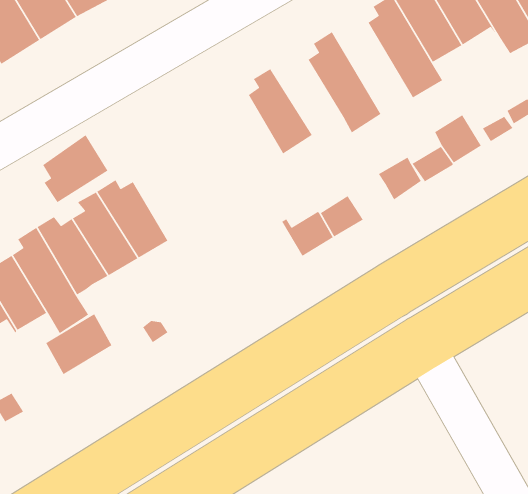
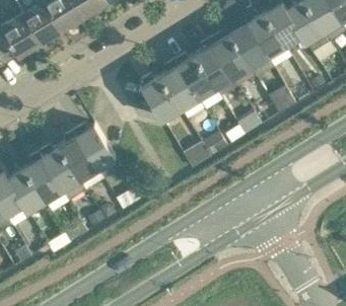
building: none -> [210,32,256,86]
building: none -> [175,53,216,98]
building: none -> [140,74,182,121]
building: [42,134,109,203] -> none
building: [45,313,113,375] -> none

